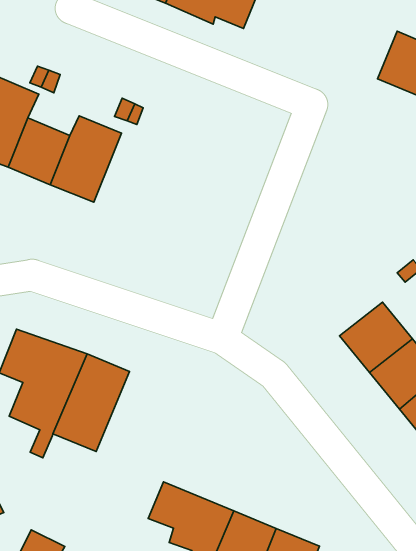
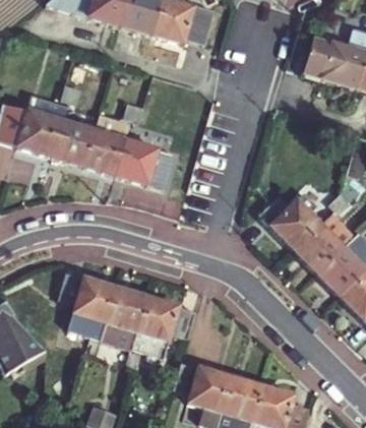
building: none -> [114,140,173,189]
building: none -> [260,194,321,251]
building: none -> [128,291,198,371]

